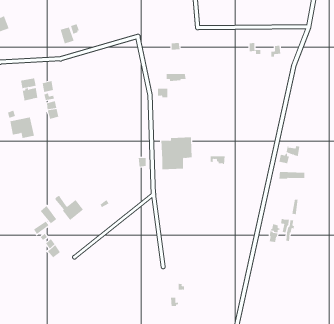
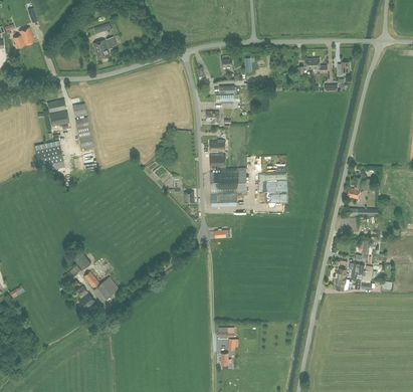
building: none -> [209,139,226,167]
building: [54,195,84,221] -> [84,270,119,301]

